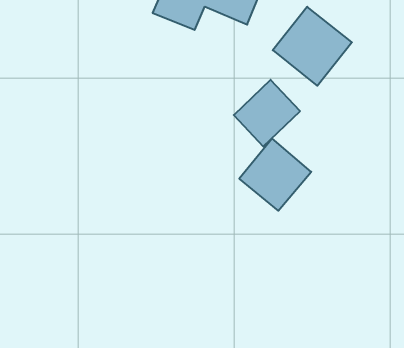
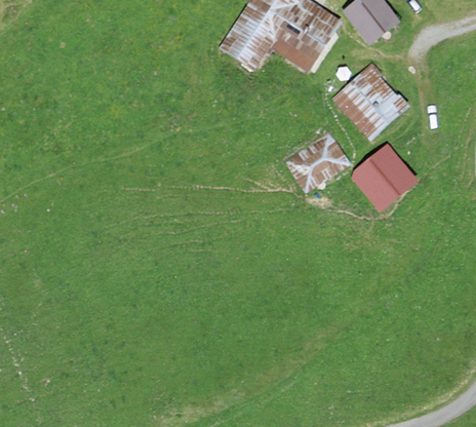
building: [239,139,311,211] -> [346,138,418,209]

